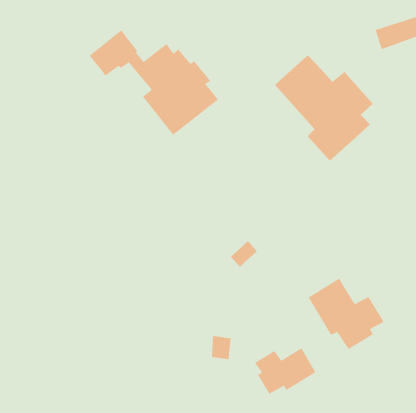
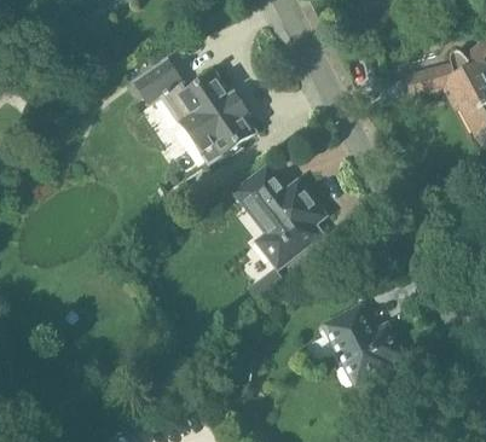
building: [274,55,373,161] -> [231,163,324,266]
building: [254,348,316,394] -> none

